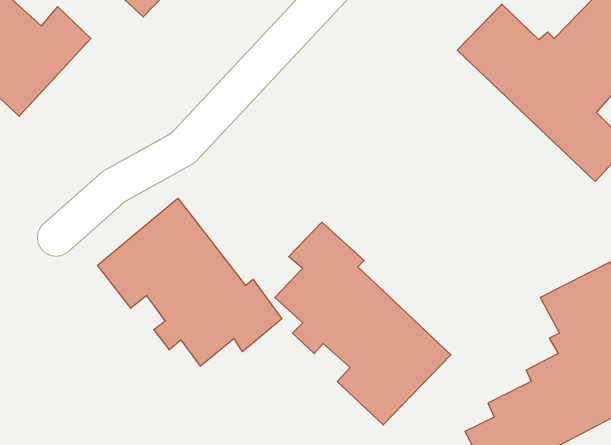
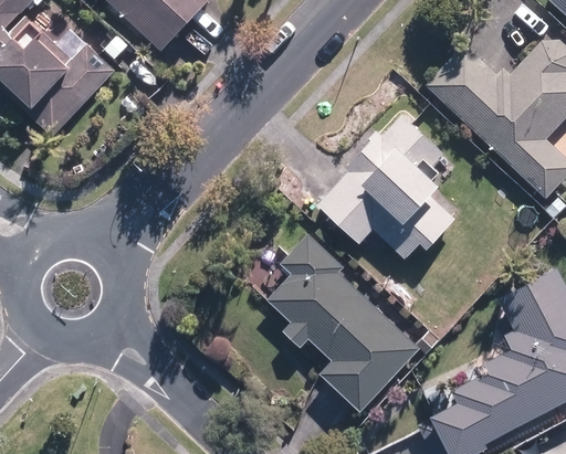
building: none -> [322,114,460,257]
building: [98,198,282,366] -> none

